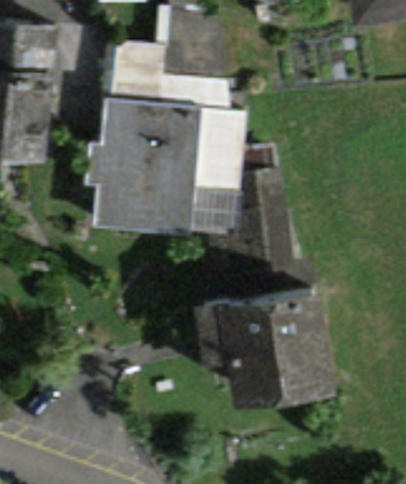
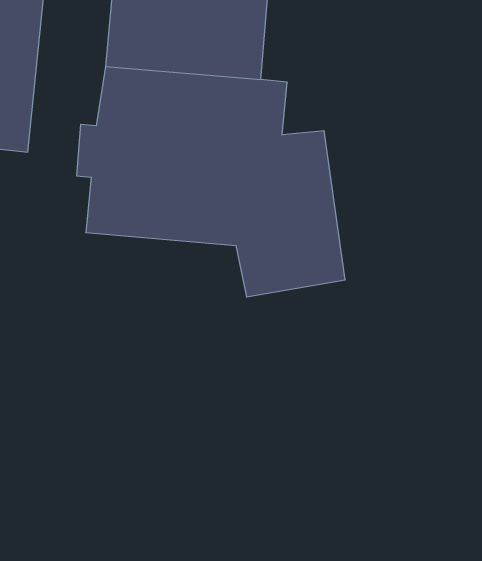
building: [197,292,335,409] -> none

